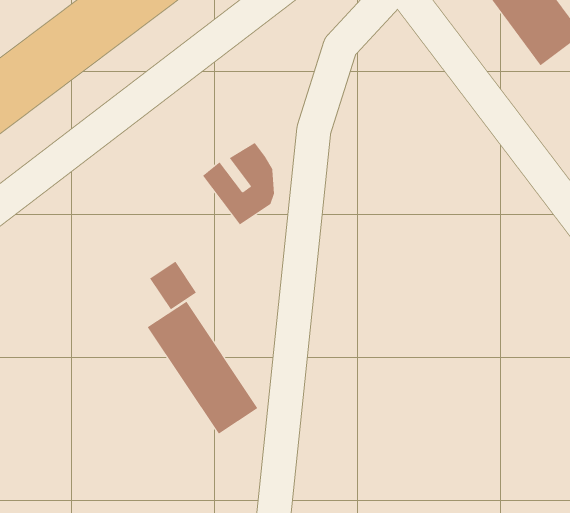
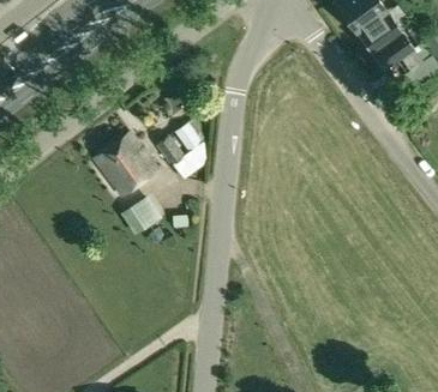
building: none -> [94,133,158,195]
building: [147,301,258,434] -> none

